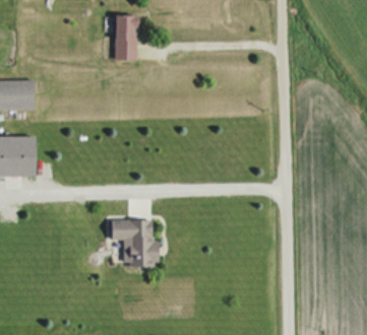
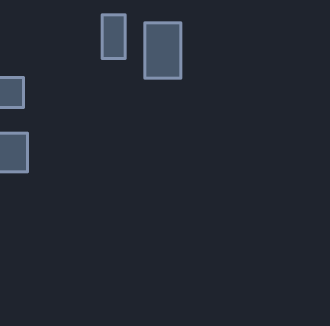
building: none -> [145,23,181,78]
building: [110,219,160,265] -> none

